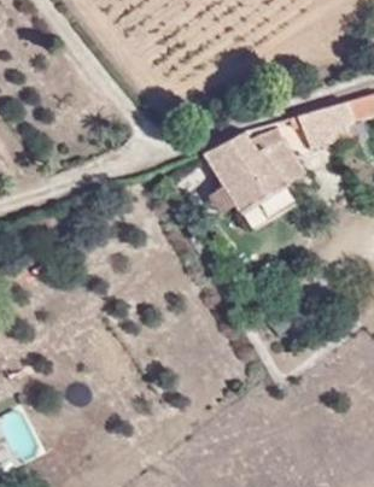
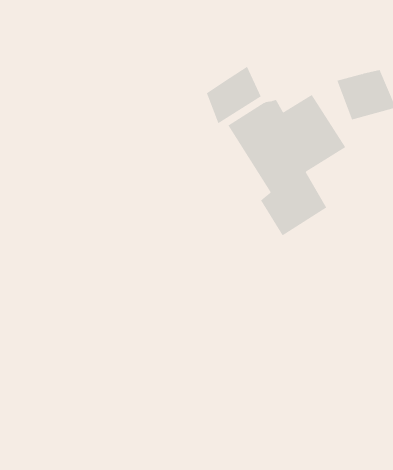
building: none -> [206,66,261,124]

